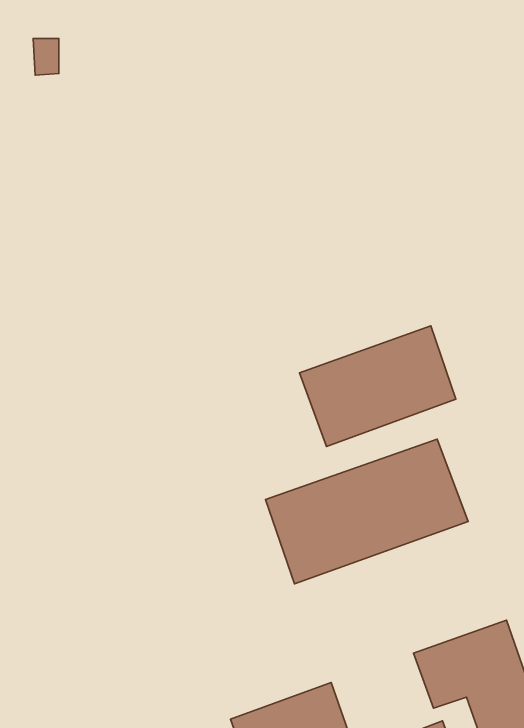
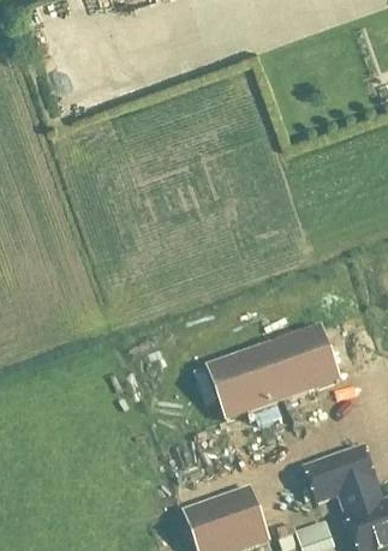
building: [300,326,456,447] -> none

